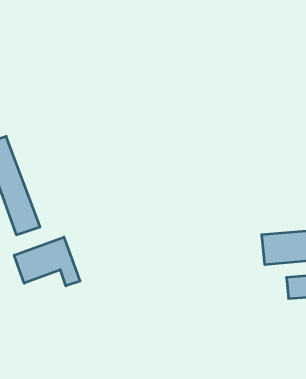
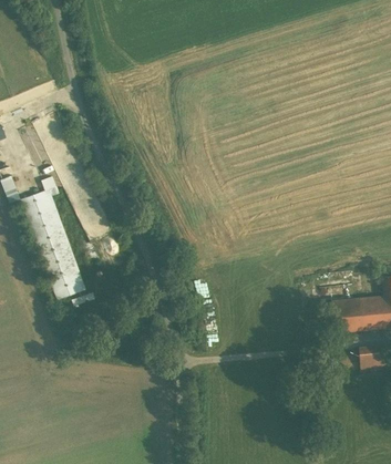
building: [14,237,80,286] -> none

